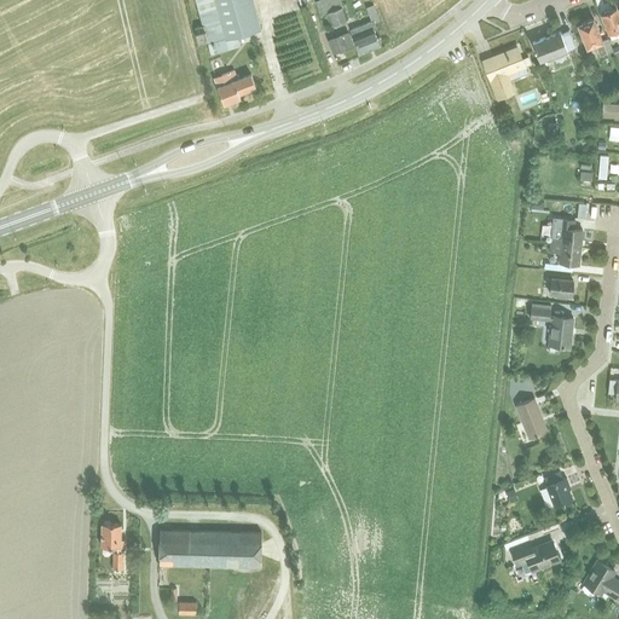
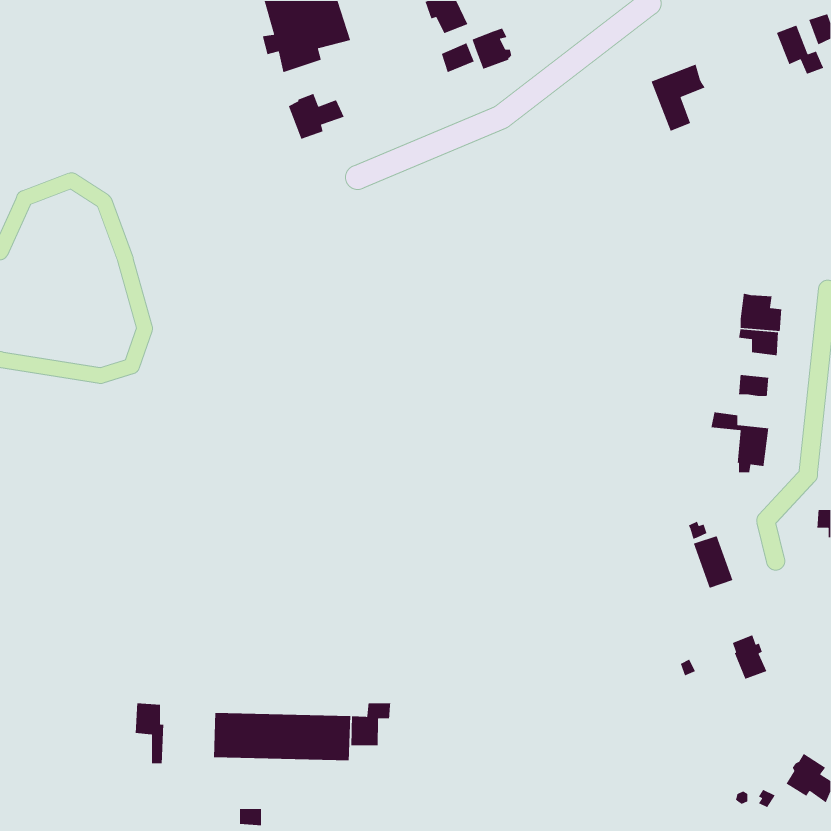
building: [532,30,575,57] -> none
building: none -> [351,702,391,746]
building: [510,539,560,571] -> none

